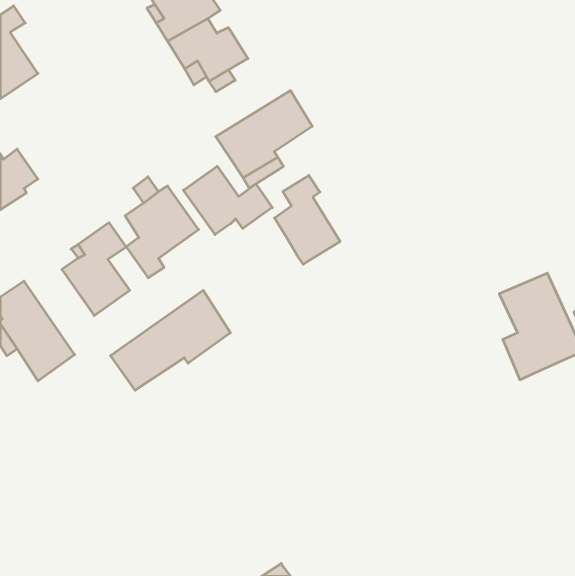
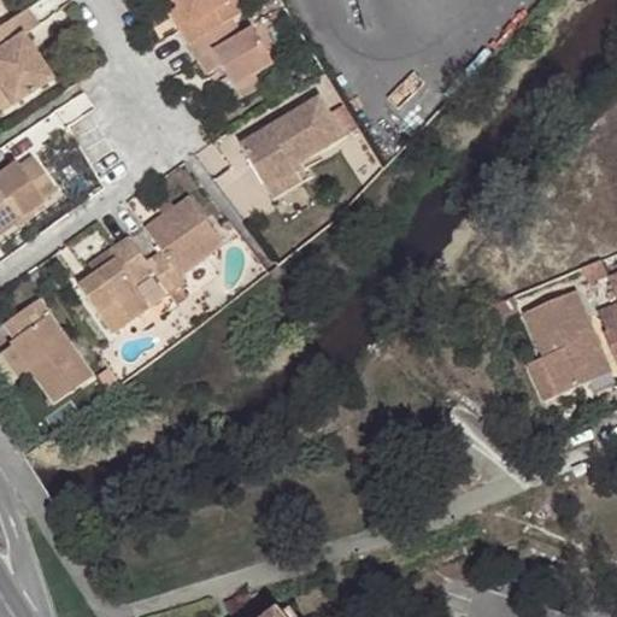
building: [183,166,272,235] -> none
building: [274,175,340,264] -> none
building: [111,290,230,390] -> none

